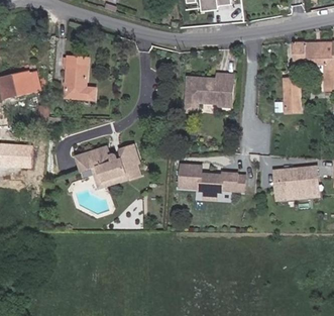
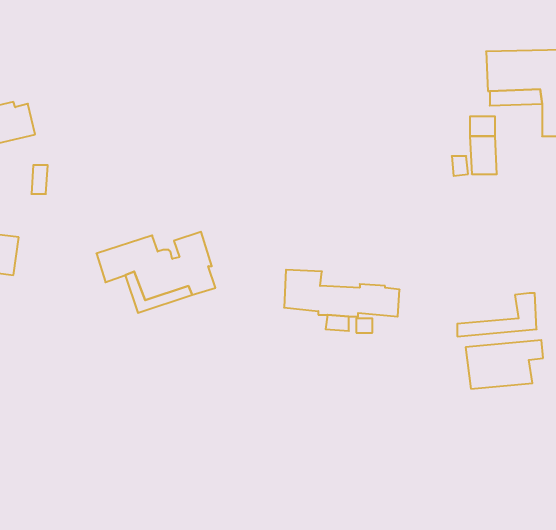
building: [64,56,95,99] -> none
building: [185,73,232,106] -> none
building: [273,168,317,195] -> [466,340,543,389]

